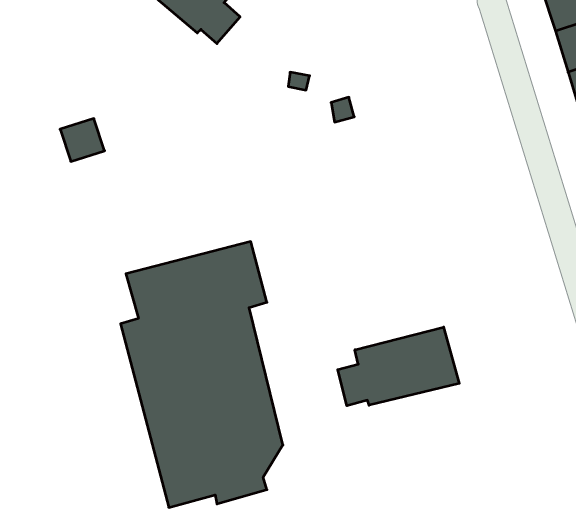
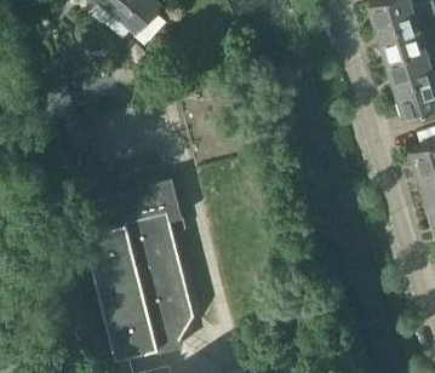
building: [338,327,459,406] -> none

